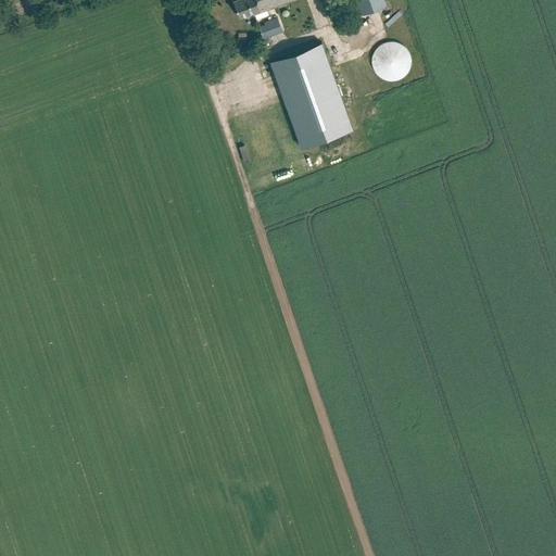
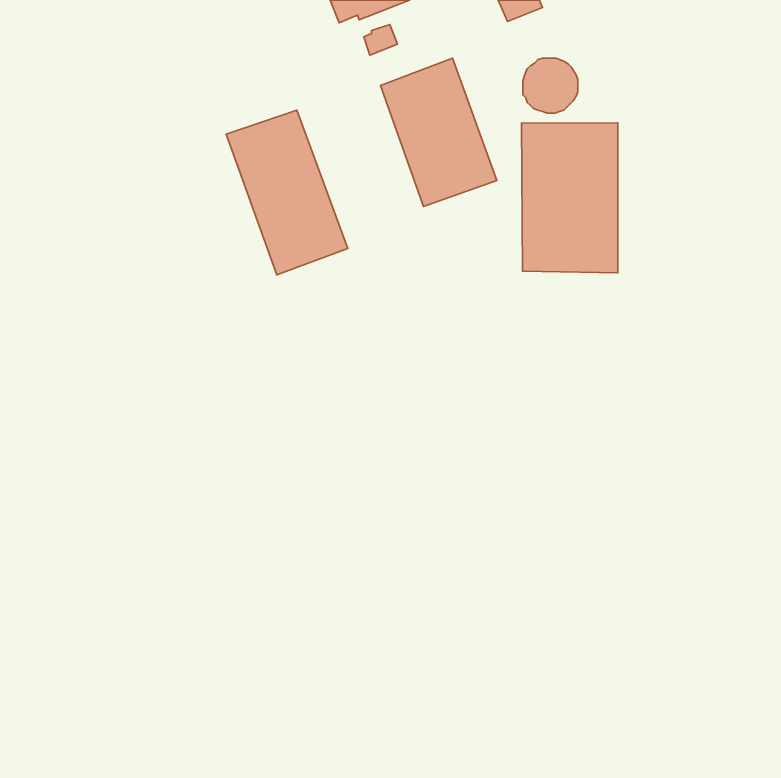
building: none -> [226,110,348,275]
building: none -> [521,123,618,273]

